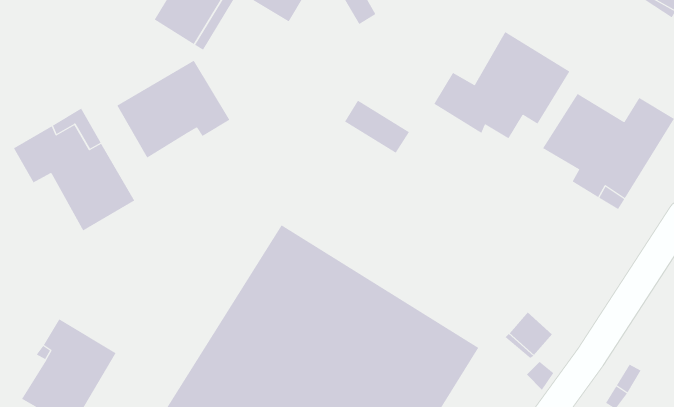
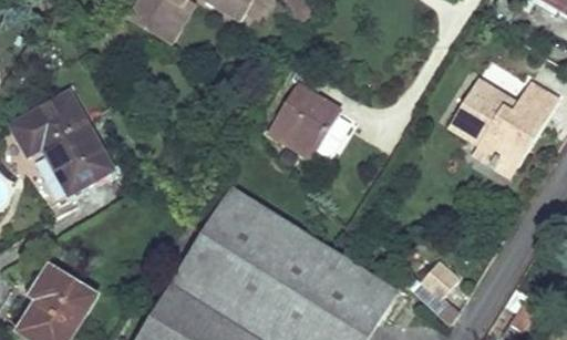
building: [433,31,570,139] -> none
building: [116,60,230,159] -> none
building: none -> [268,102,328,157]

